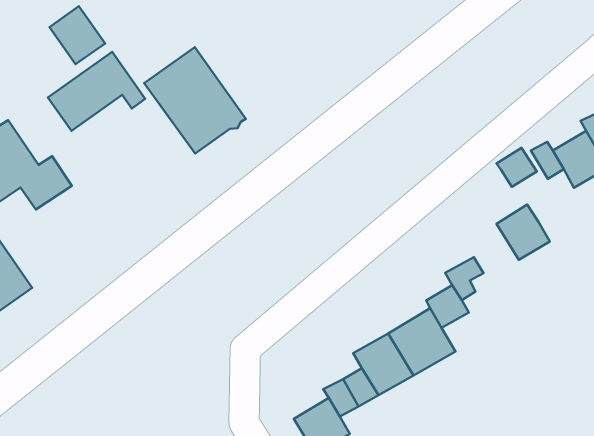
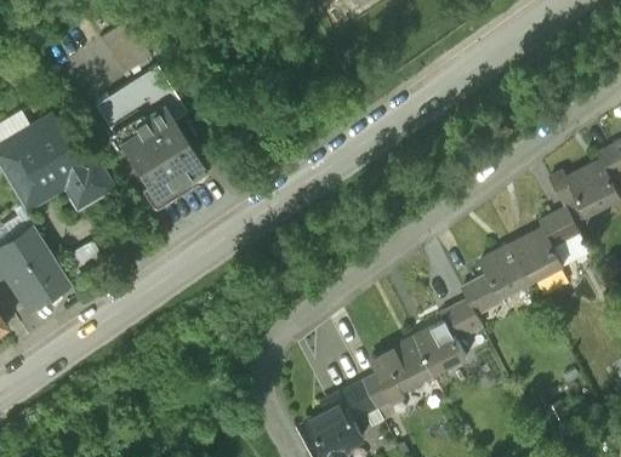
building: [144,47,246,154] -> [114,104,209,205]
building: [497,148,537,187] -> [539,208,576,245]
building: none -> [482,245,531,297]

